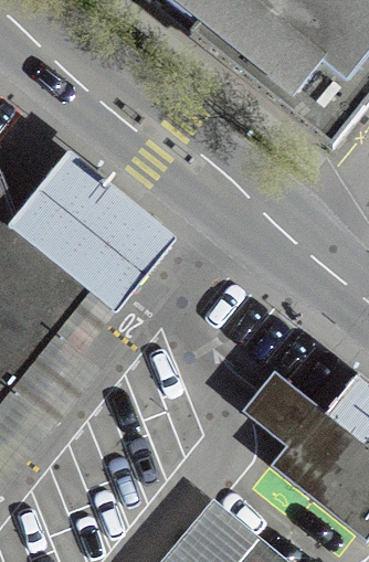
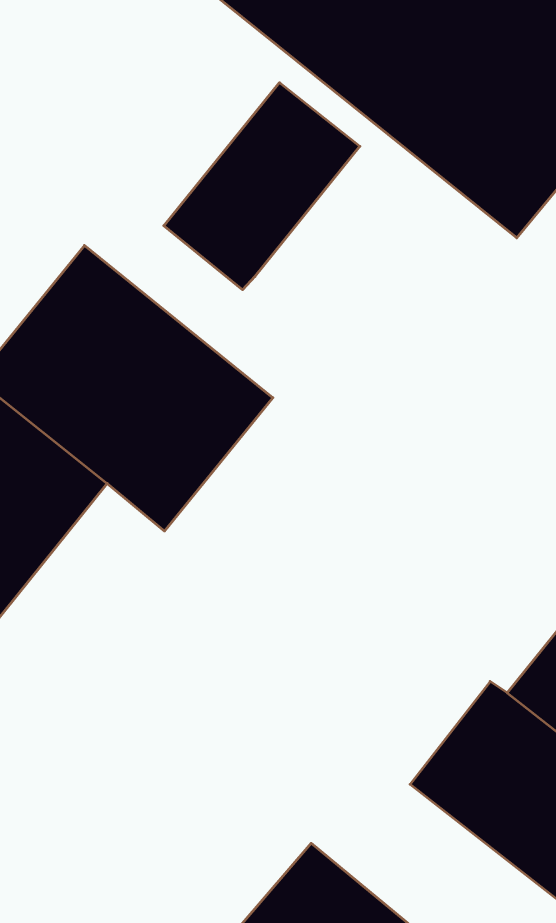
building: none -> [164,83,360,290]

